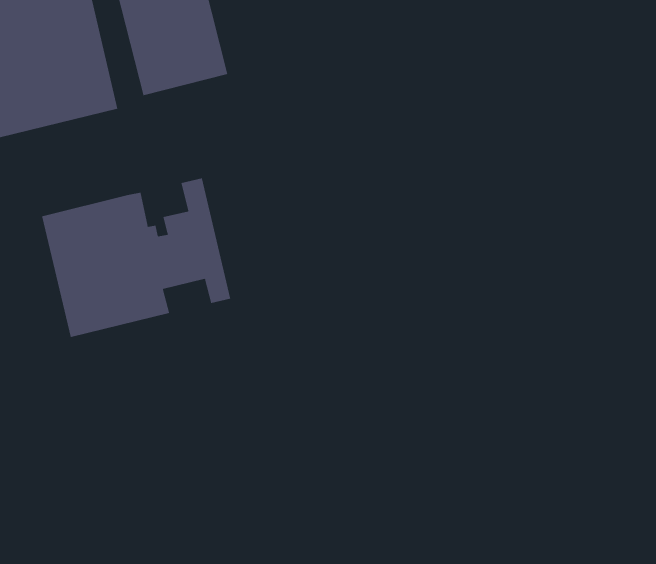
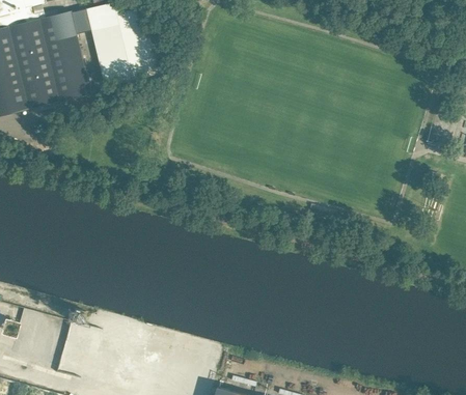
building: [42,177,231,338] -> none

